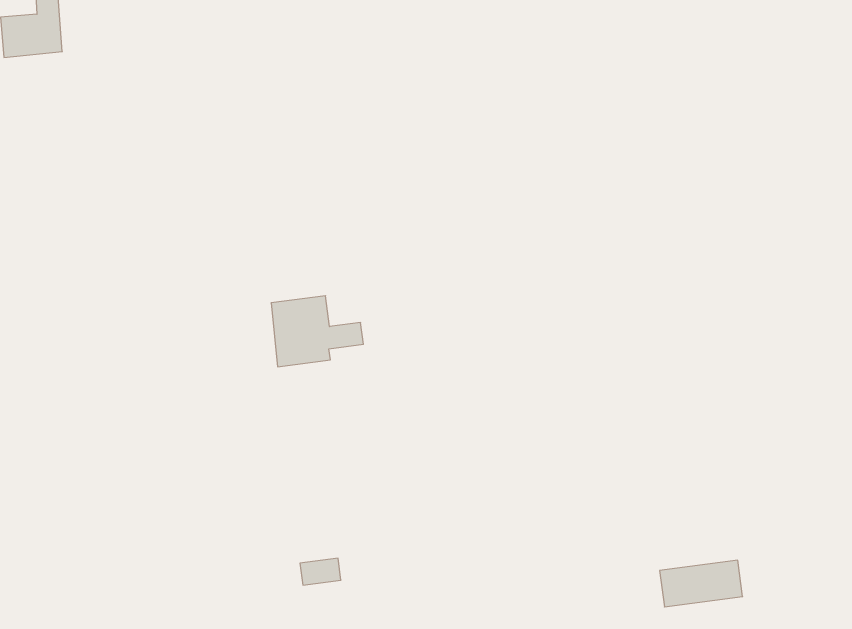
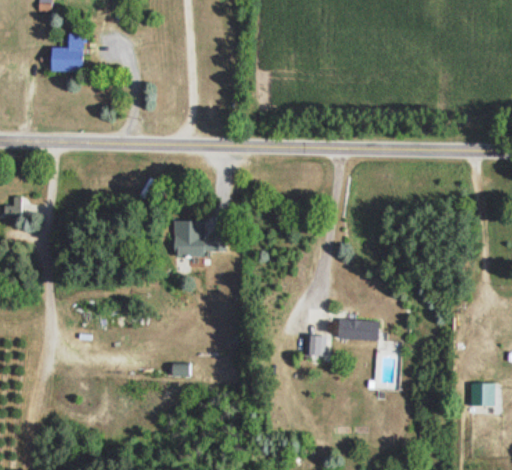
building: none -> [308,335,327,356]
building: [660,560,743,607] -> [339,320,382,340]

